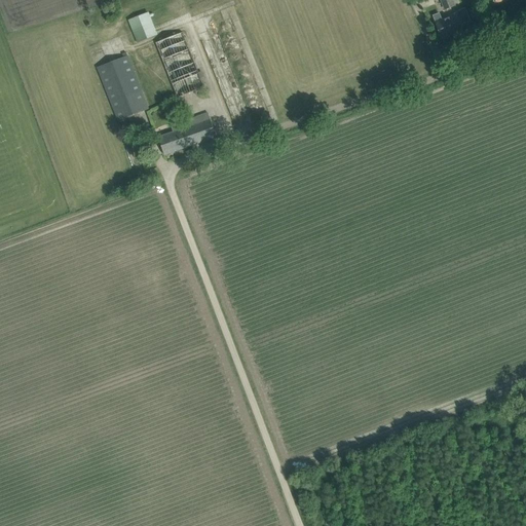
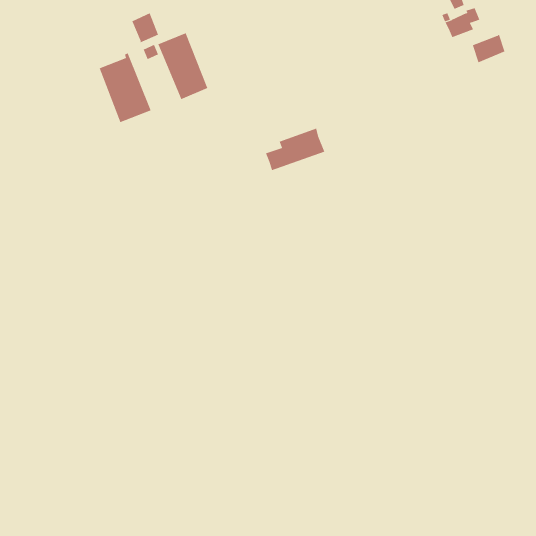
building: none -> [472,34,505,63]
building: [157,112,216,154] -> [265,128,325,171]

